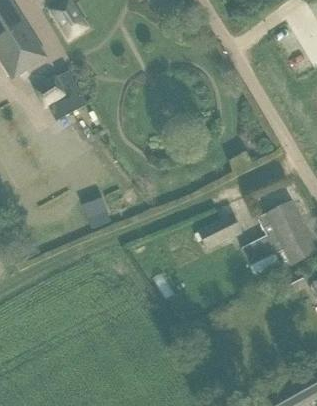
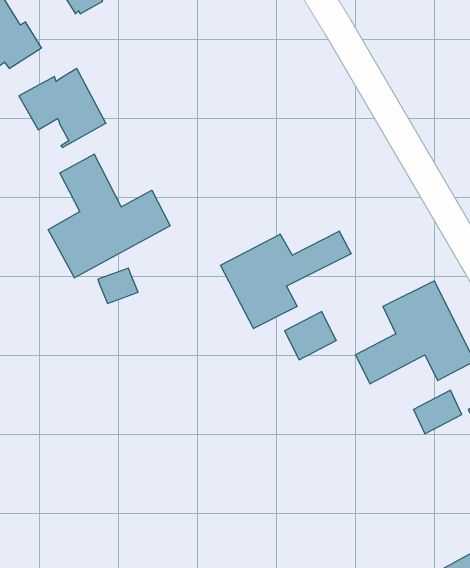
building: none -> [48,154,170,278]
building: none -> [220,231,351,329]

